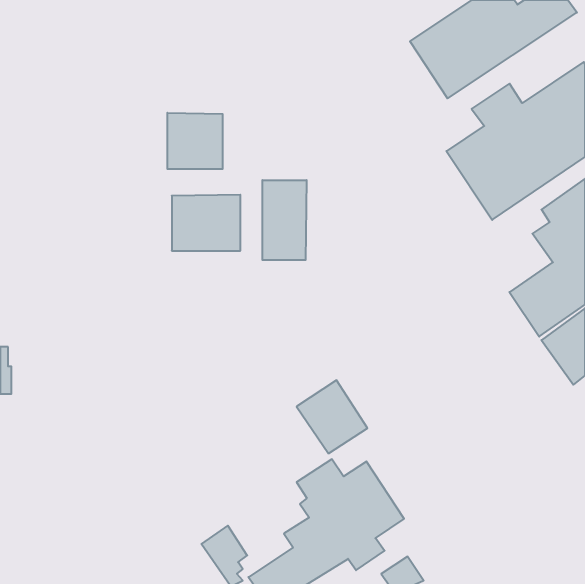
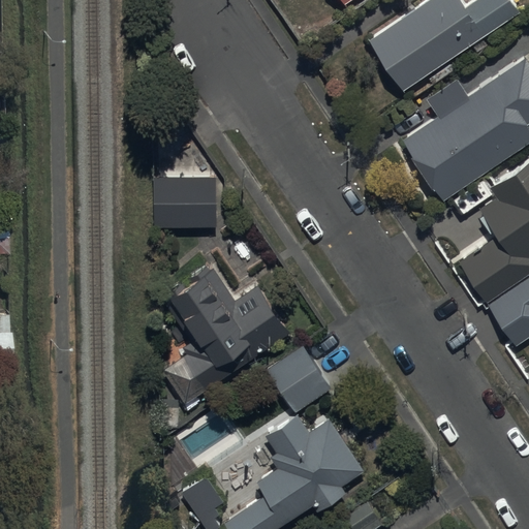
building: [167,113,223,169] -> none
building: [262,180,307,260] -> none
building: none -> [161,262,290,405]

